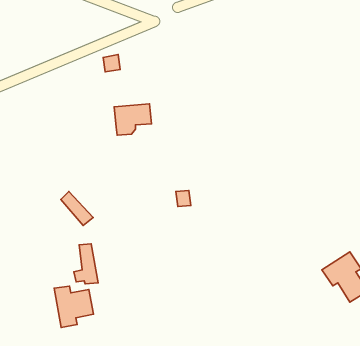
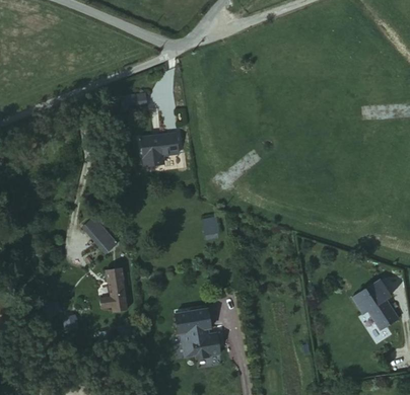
building: none -> [175,311,219,361]
building: [54,286,94,327] -> none

